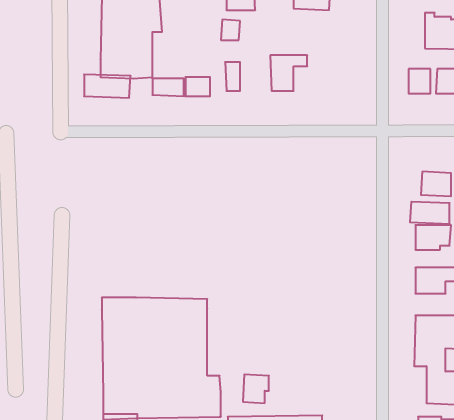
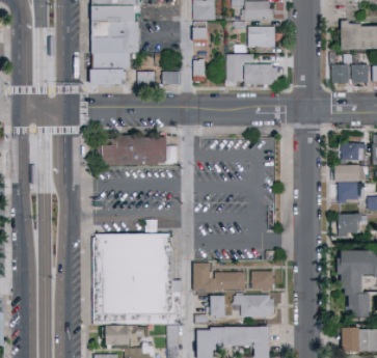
building: none -> [247,25,273,47]
building: none -> [244,63,278,84]
building: none -> [105,139,174,168]
building: none -> [190,263,244,290]
building: none -> [249,270,272,290]
building: none -> [235,295,273,315]

